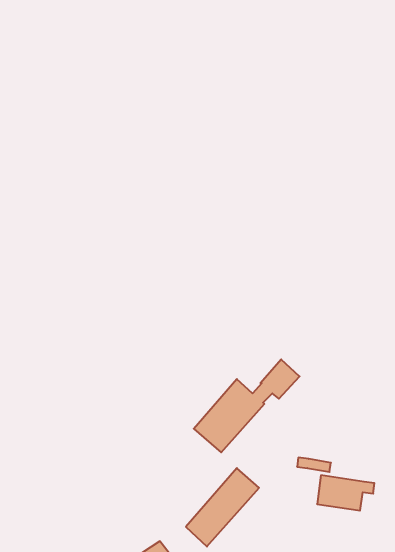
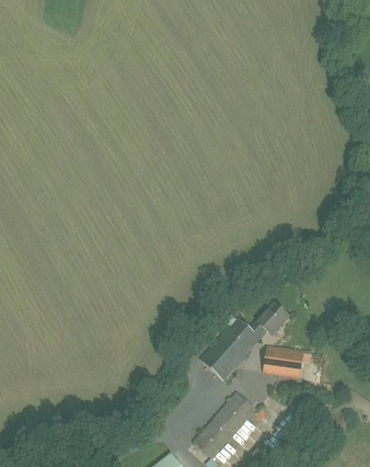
building: [317,475,374,511] -> [263,346,311,376]

